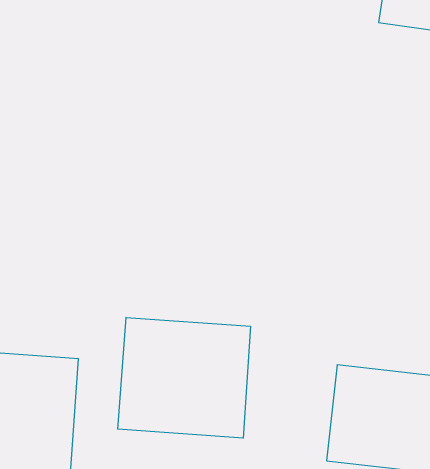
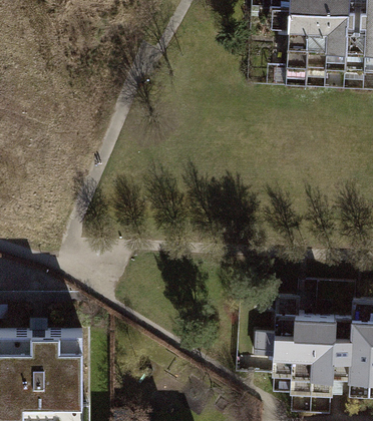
building: [118,317,250,438] -> none

